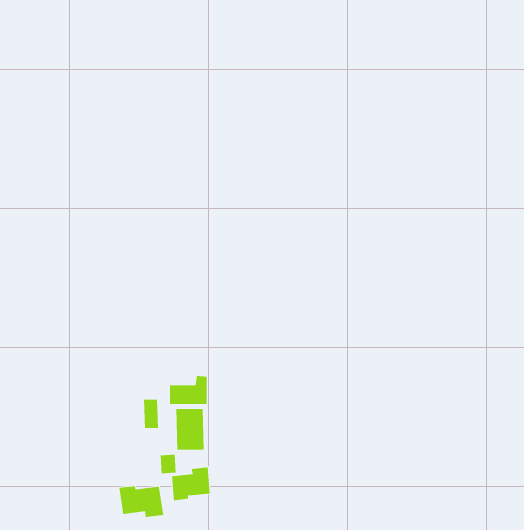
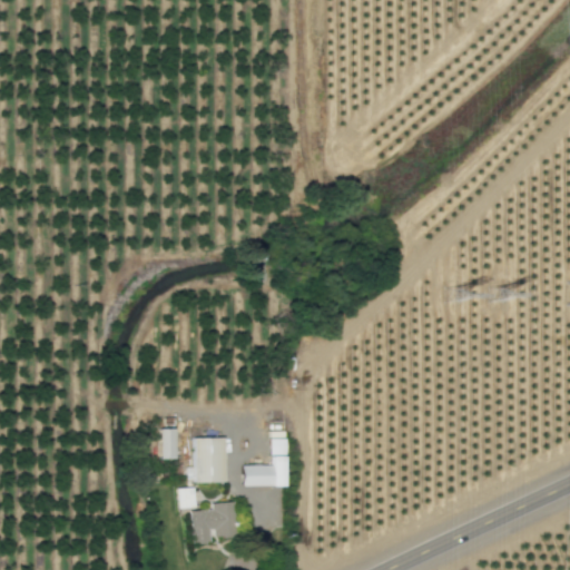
building: [169,375,207,404] -> [246,456,287,488]
building: [119,486,164,518] -> none

